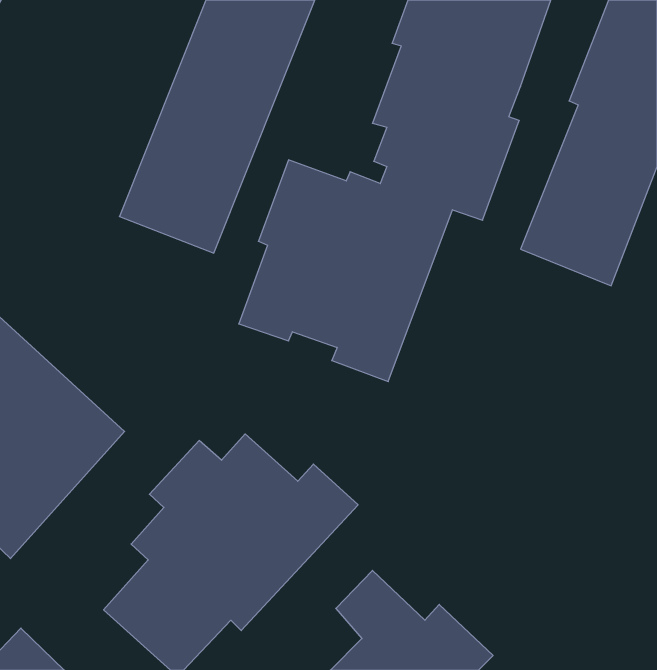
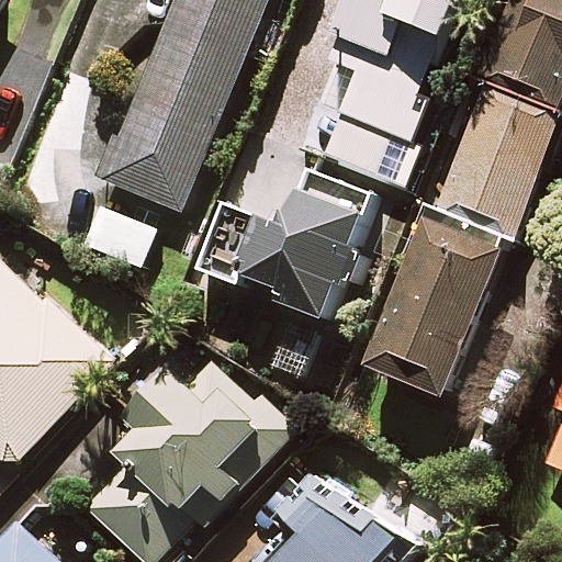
building: none -> [369,221,503,396]

